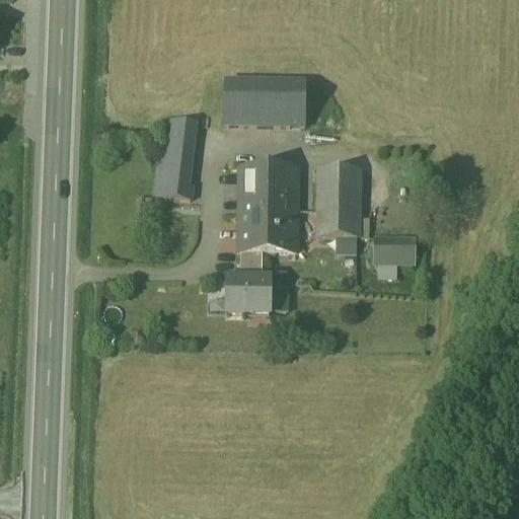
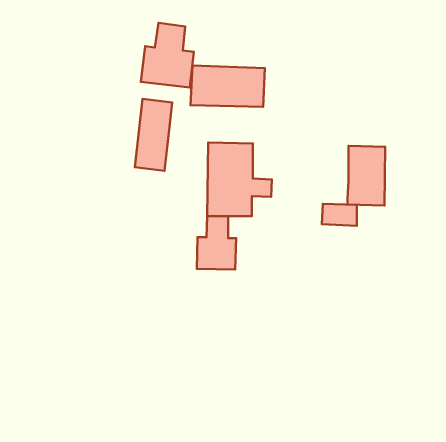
building: none -> [141,23,194,88]
building: [315,167,359,236] -> [348,146,385,205]

